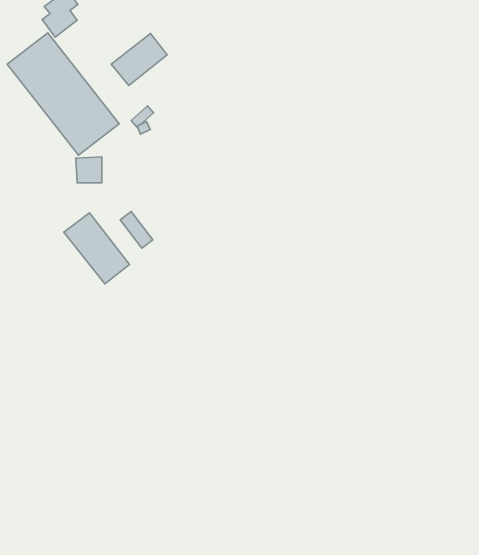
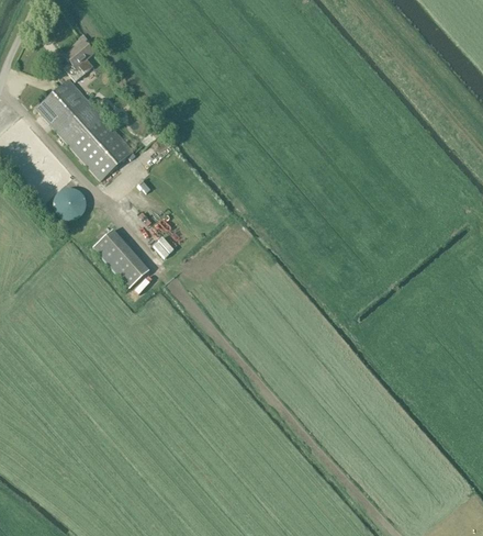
building: [111,34,167,86] -> none
building: [76,157,102,183] -> [58,196,81,219]

